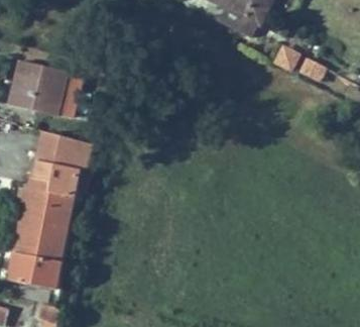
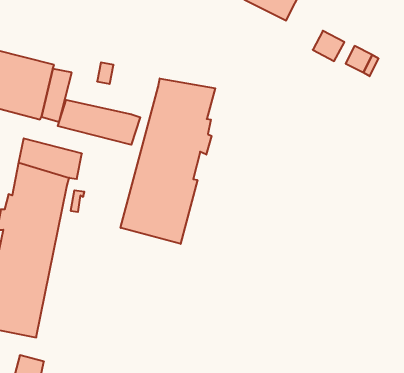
building: none -> [121,78,215,244]
building: none -> [58,100,140,145]

